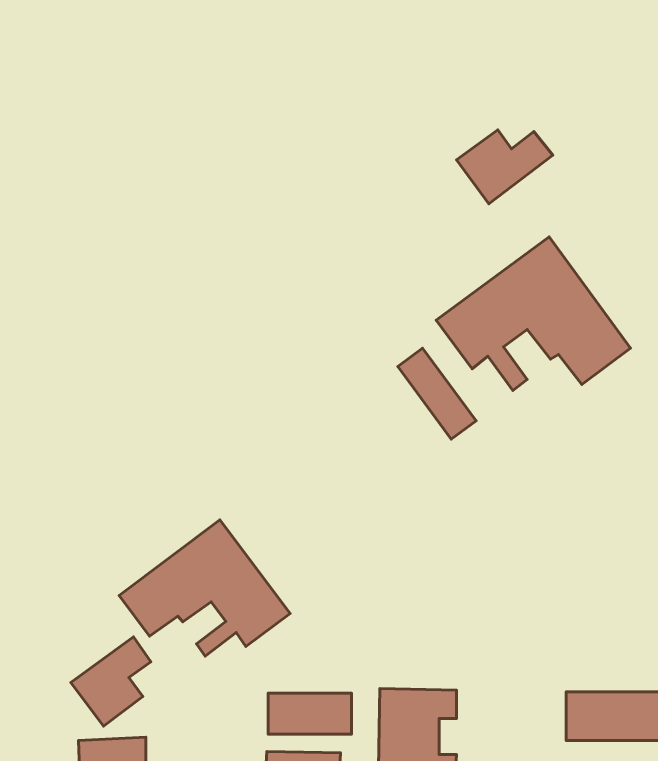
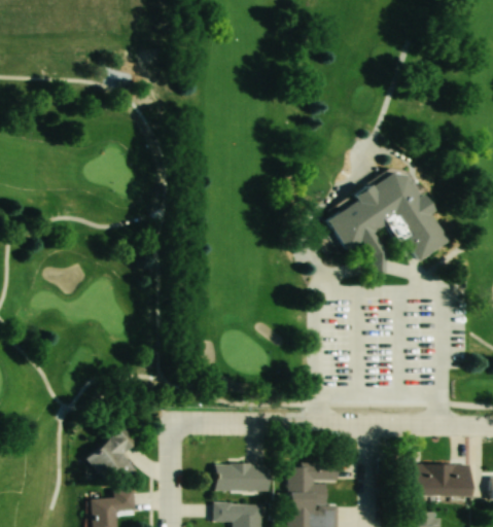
building: [457,130,553,204] -> none
building: [398,348,476,439] -> none
building: [119,520,290,656] -> none

